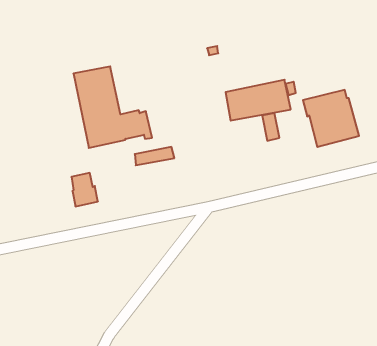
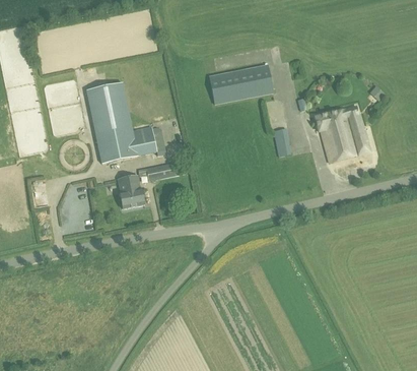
building: [226,80,291,121] -> [208,64,273,105]
building: [71,173,98,206] -> [118,175,144,208]

